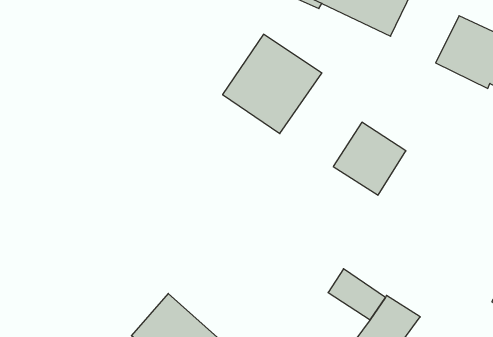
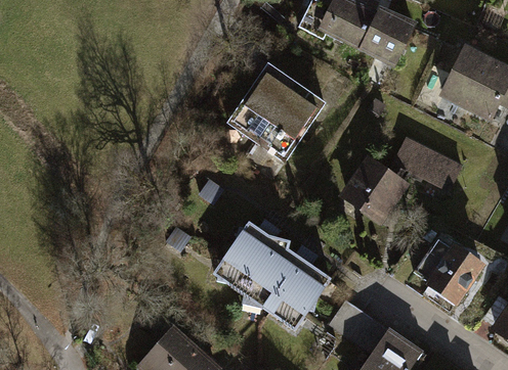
building: none -> [391,136,460,191]
building: none -> [212,221,331,331]
building: none -> [414,232,488,302]

